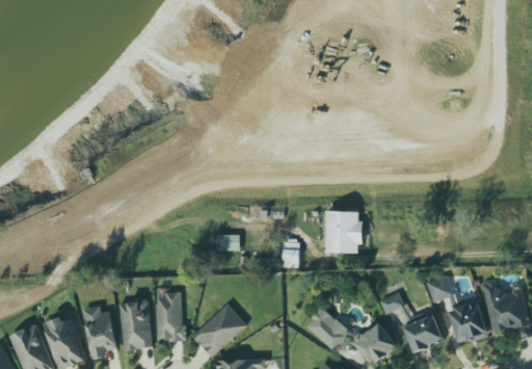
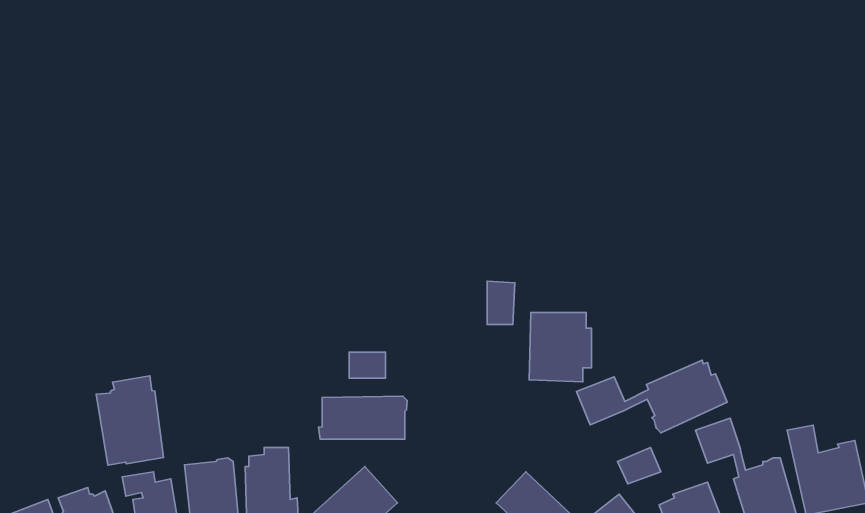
building: none -> [576,360,727,433]
building: [283,242,299,268] -> [487,281,515,324]
building: none -> [96,376,164,465]
building: none -> [319,396,407,439]

